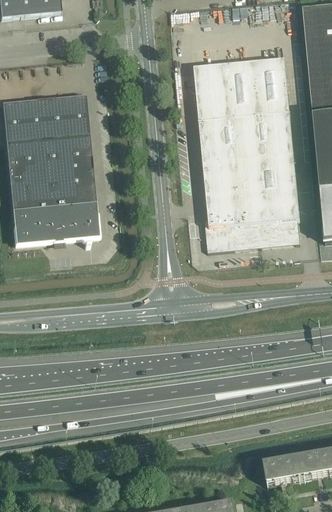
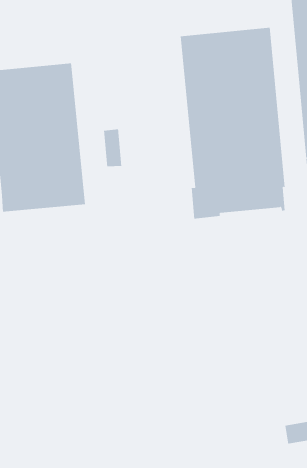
building: none -> [104,128,122,167]
building: [263,456,301,483] -> none

